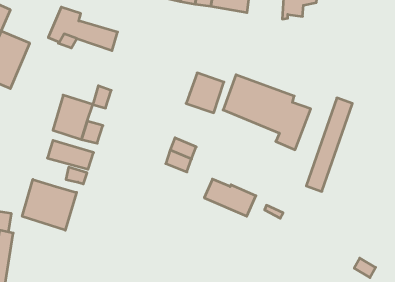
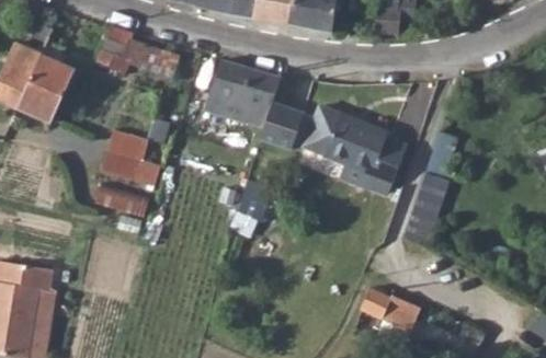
building: none -> [206,58,282,127]
building: [204,179,256,216] -> [360,288,421,332]
building: [22,179,77,230] -> none

